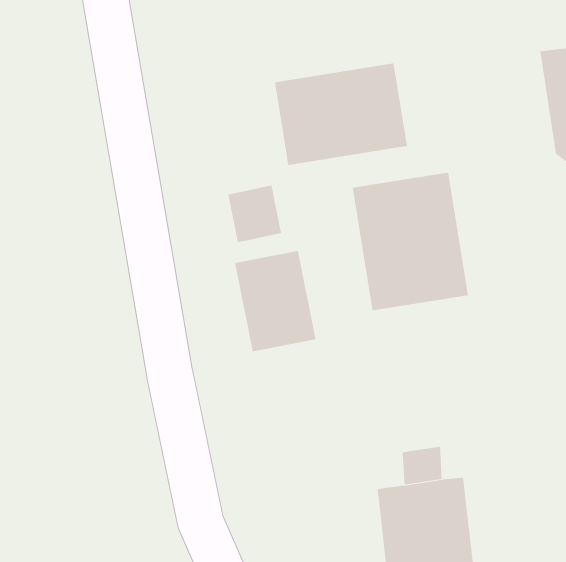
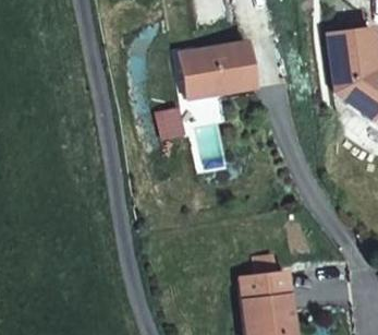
building: [352,172,468,311] -> none
building: [235,250,316,352] -> none

